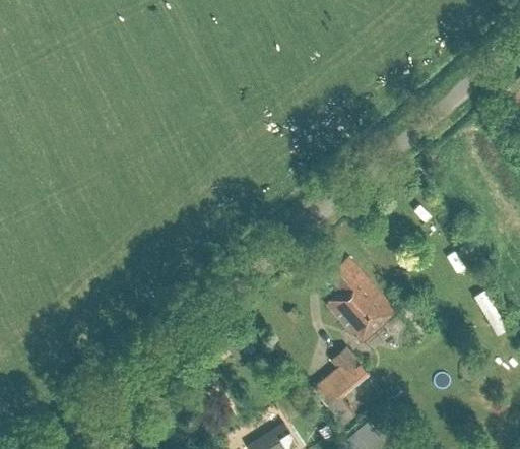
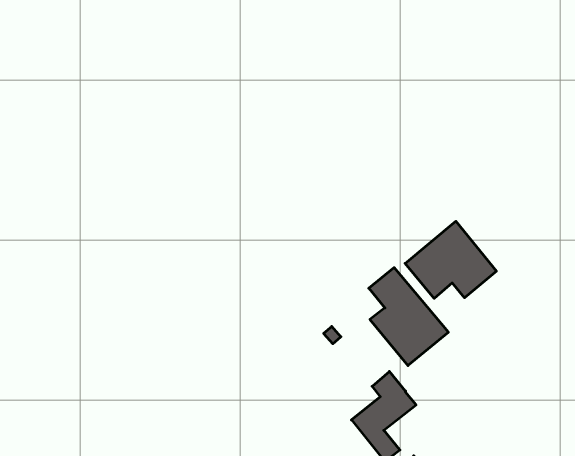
building: none -> [405,221,496,298]

